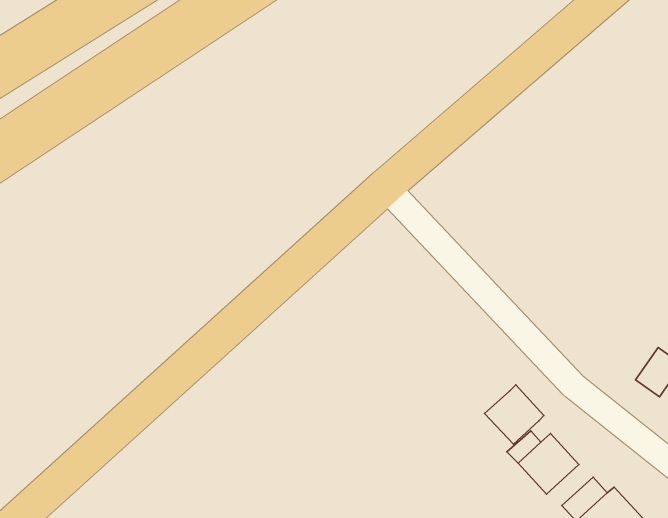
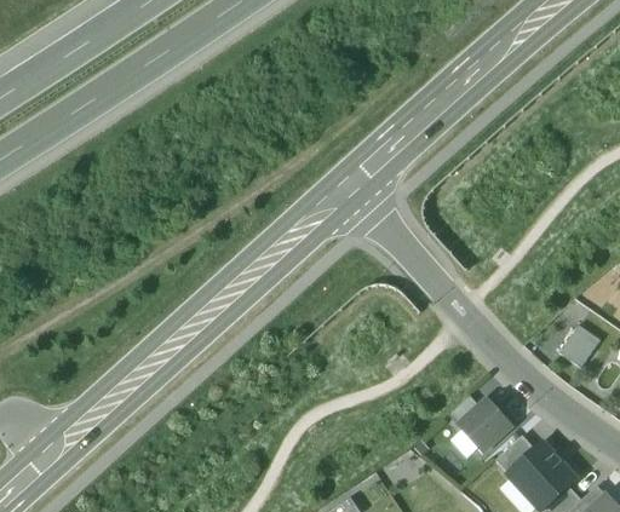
building: [485,385,544,444] -> none

